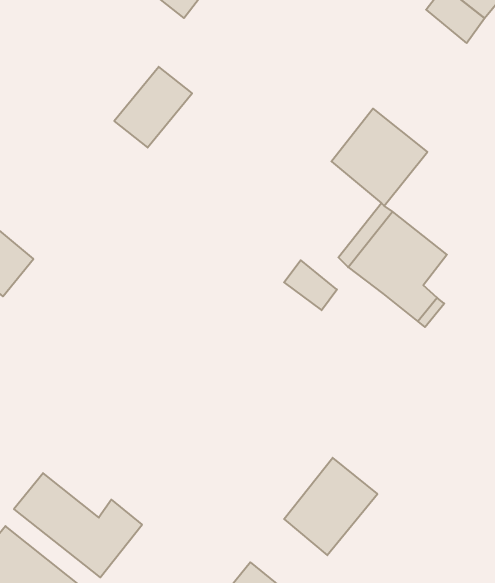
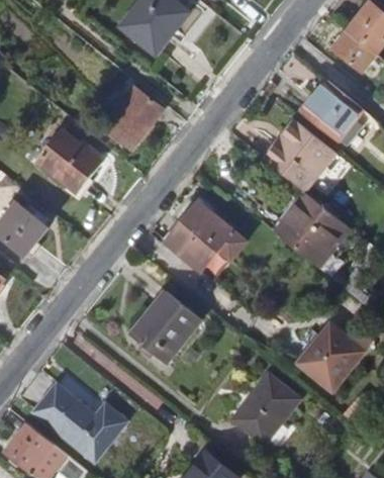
building: none -> [303,80,362,144]
building: none -> [39,131,100,191]
building: none -> [167,203,231,269]
building: none -> [129,292,199,363]
building: none -> [296,324,361,389]

